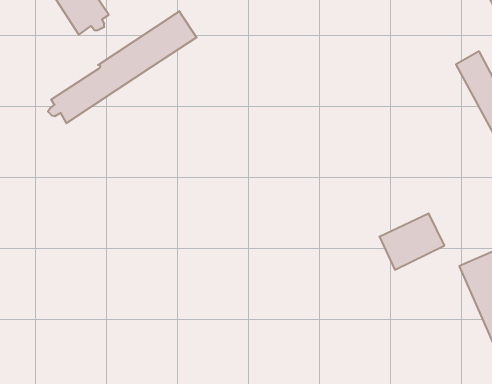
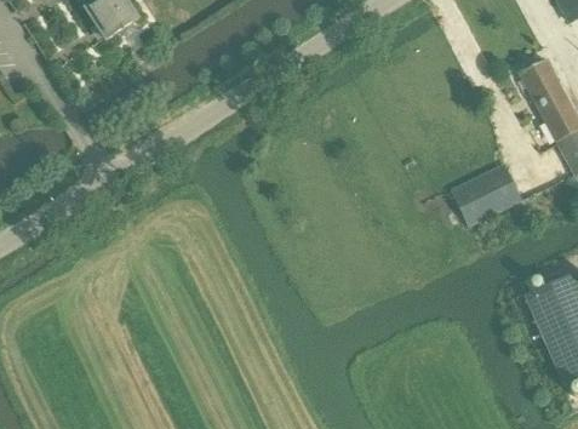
building: [48,11,197,123] -> none
building: [379,214,444,270] -> [451,164,522,225]

